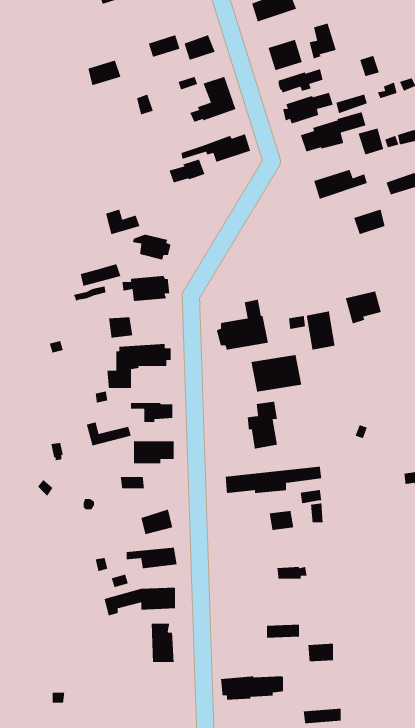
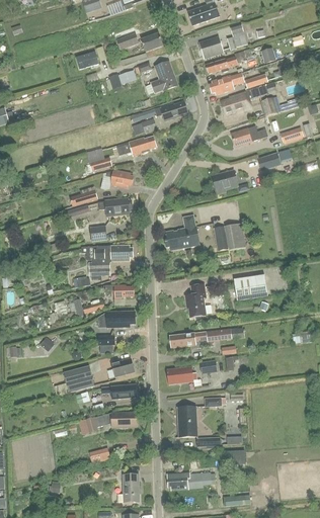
building: none -> [115,135,156,155]
building: [345,290,382,324] -> [212,170,237,193]
building: [250,354,302,393] -> [234,273,269,299]
building: none -> [63,365,93,392]
building: none -> [166,365,193,384]
building: none -> [177,406,196,436]
building: [151,623,174,663] -> [123,473,139,501]

